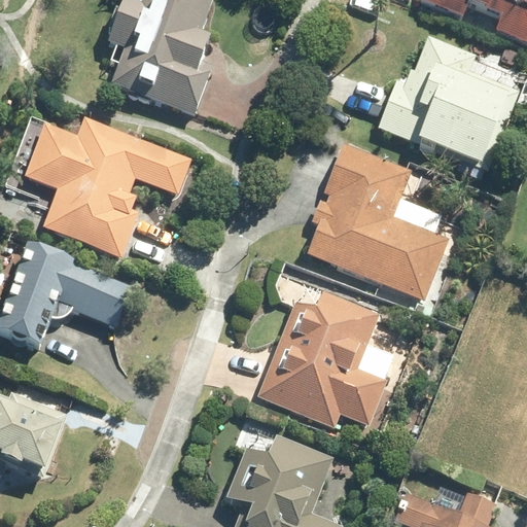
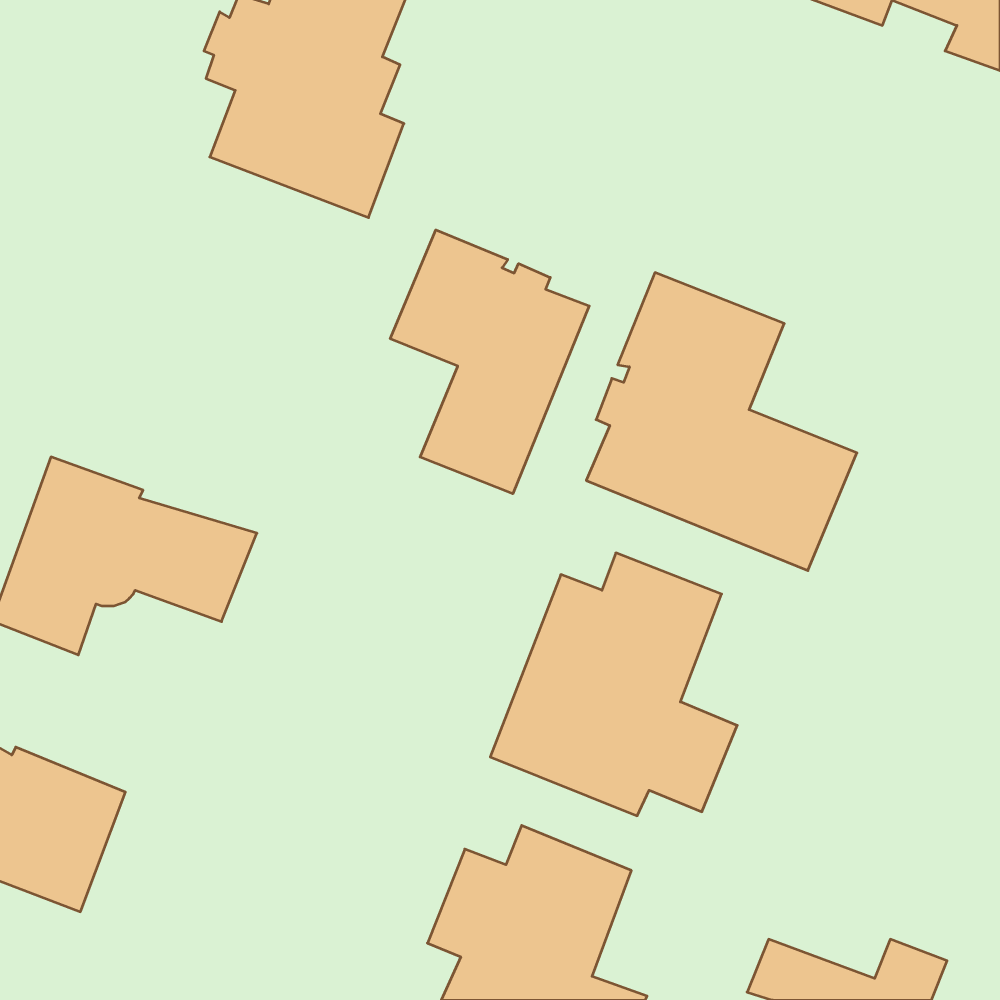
building: [377,34,521,171] -> none
building: [25,118,190,257] -> none
building: none -> [390,230,589,494]

